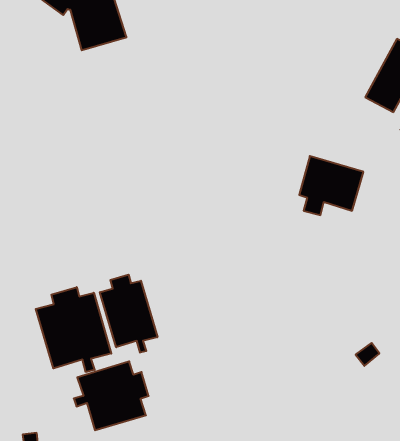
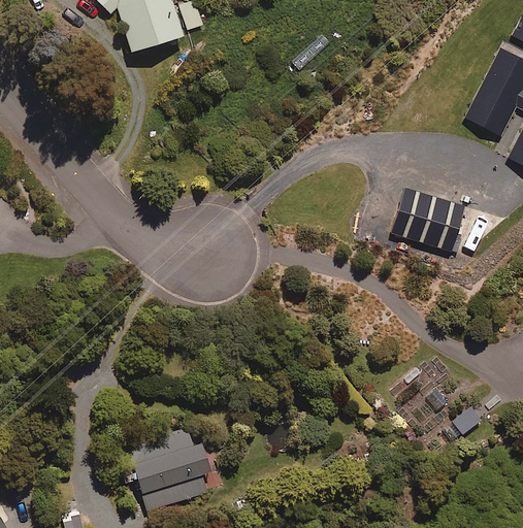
building: [100,275,157,353] -> none
building: [36,287,111,372] -> none

